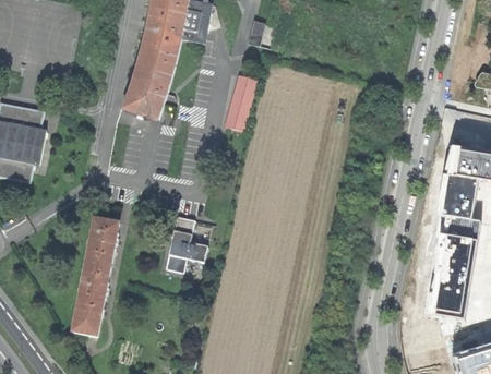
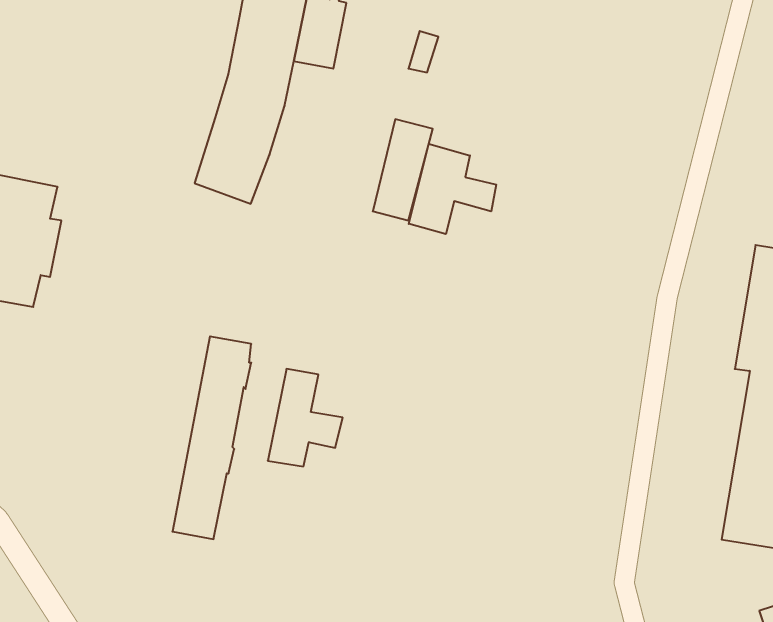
building: none -> [409,144,496,234]
building: [72,218,118,336] -> [172,336,251,539]

